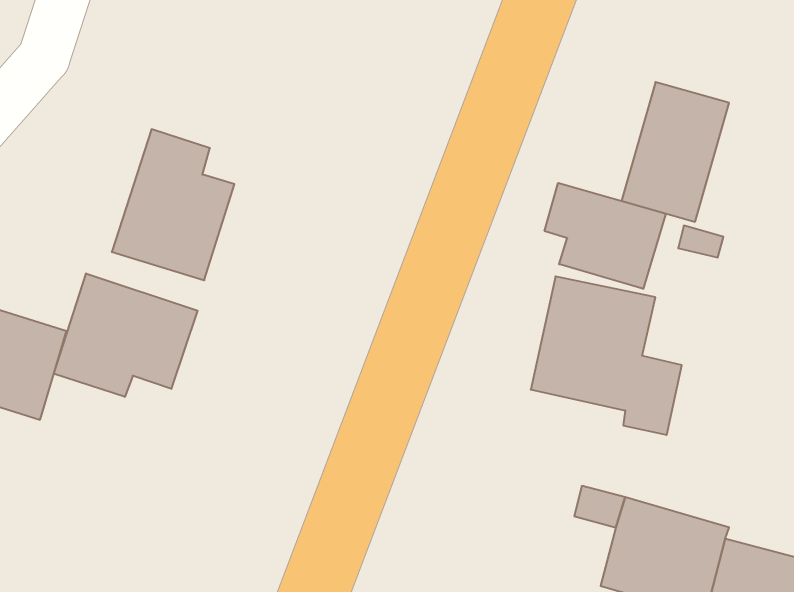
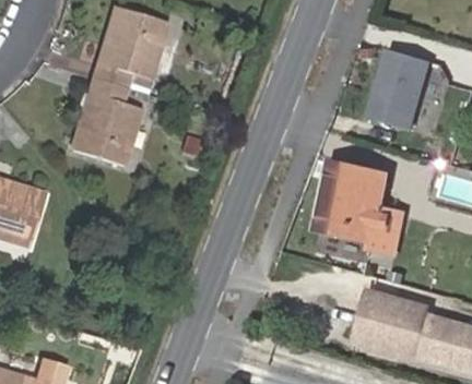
building: none -> [95,7,169,87]
building: [545,183,666,289] -> none
building: [54,273,198,397] -> none

